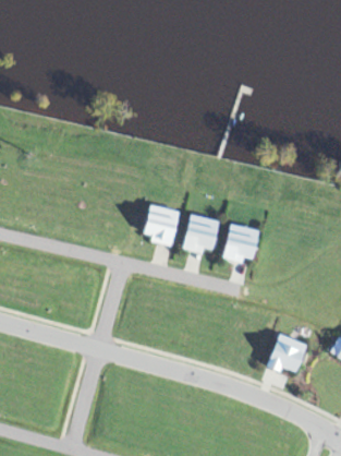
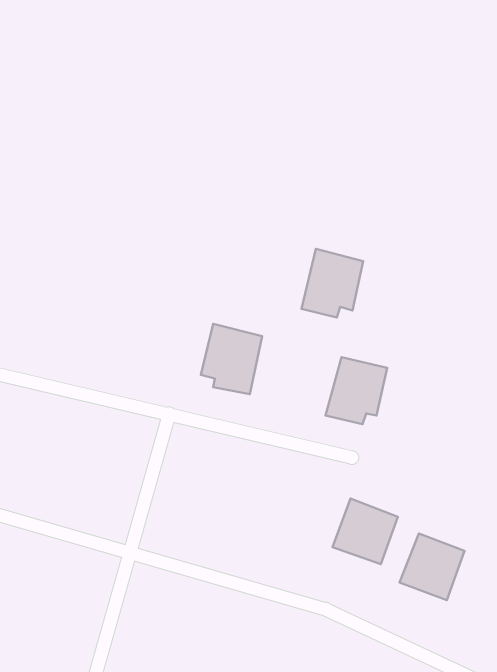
building: [182,213,220,255] -> [302,249,363,318]
building: none -> [333,498,398,564]

